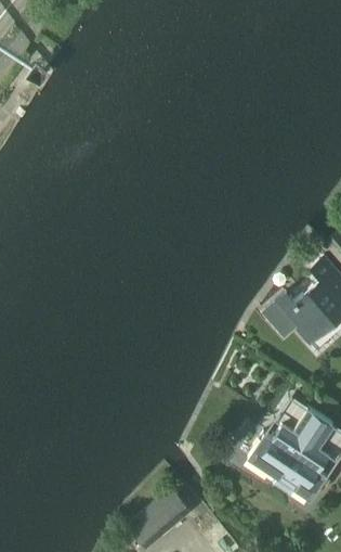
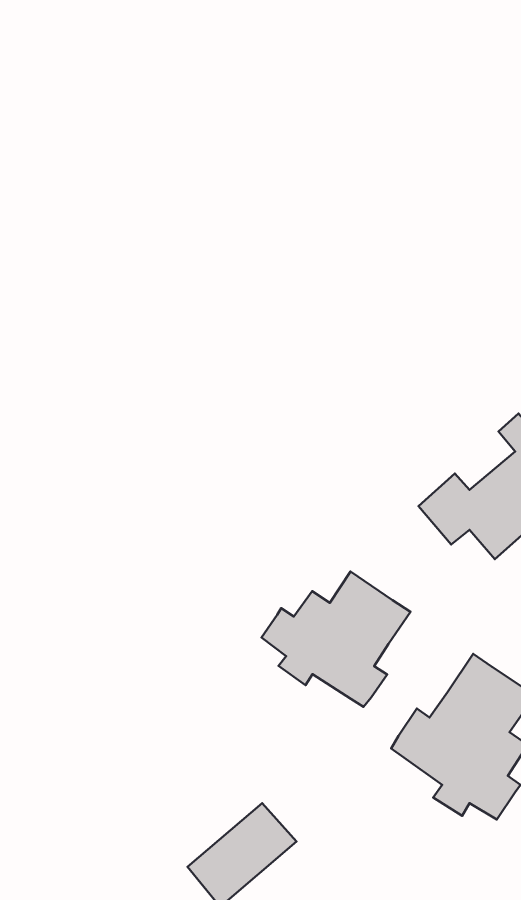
building: none -> [262,571,410,707]

